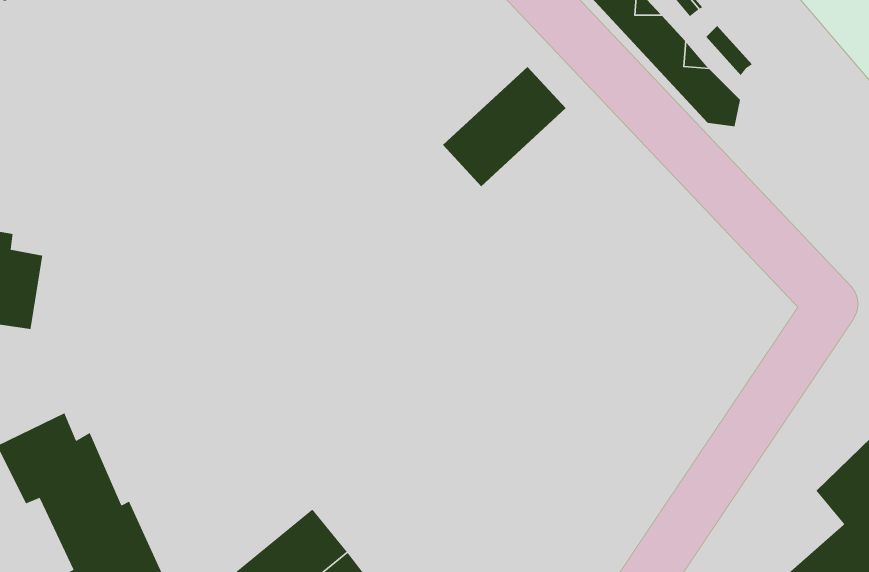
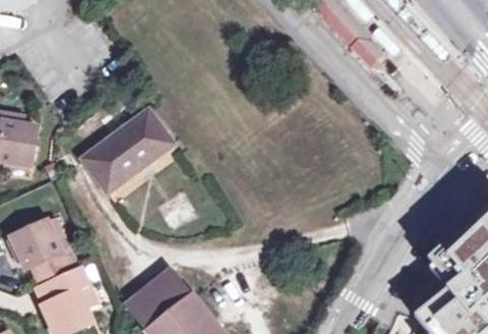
building: [442,66,567,187] -> none
building: none -> [80,107,170,189]

